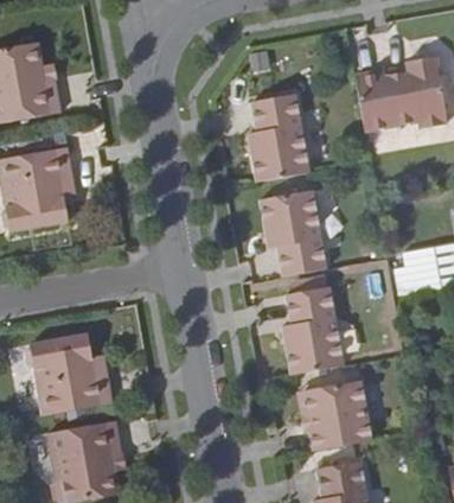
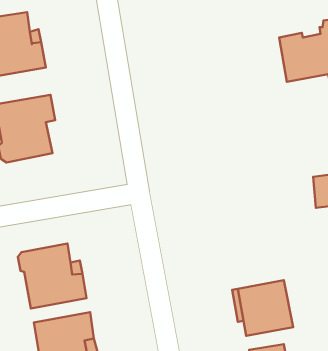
building: [248,94,311,182] -> none
building: [260,190,327,276] -> none
building: [282,286,344,374] -> none

